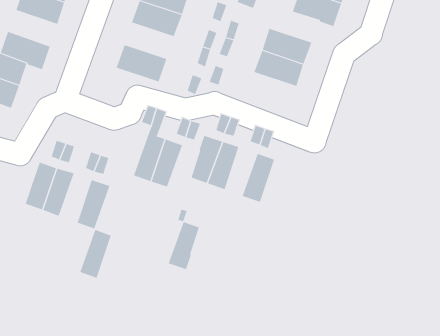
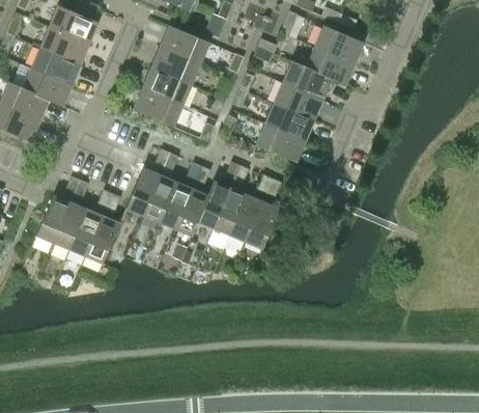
building: none -> [282,60,331,99]
building: none -> [31,48,80,85]
building: none -> [142,67,191,105]
building: none -> [255,123,305,162]
building: none -> [125,167,160,215]
building: none -> [229,194,262,242]
building: [168,222,200,270] -> [174,189,207,236]
building: [79,229,111,279] -> [68,209,102,256]

